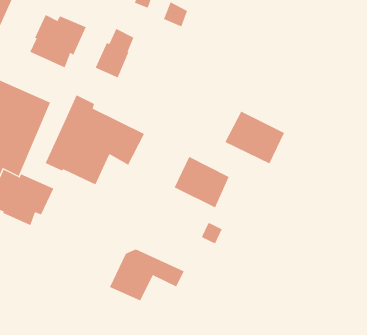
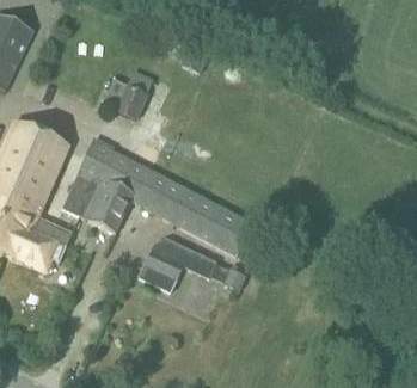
building: [29,14,86,68] -> none
building: [224,111,285,164] -> [147,178,209,233]
building: [109,249,185,301] -> [142,235,220,289]

